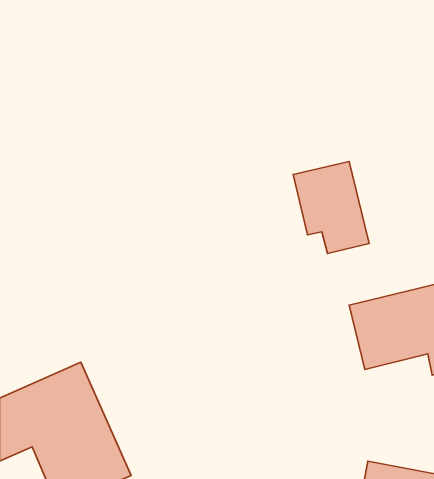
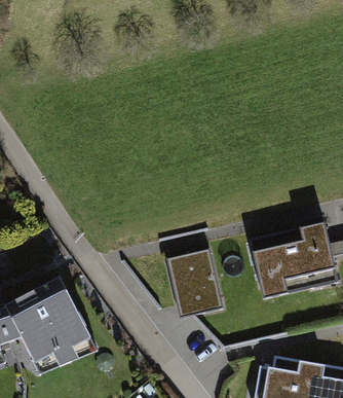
building: [293,162,369,253] -> [169,251,224,317]

